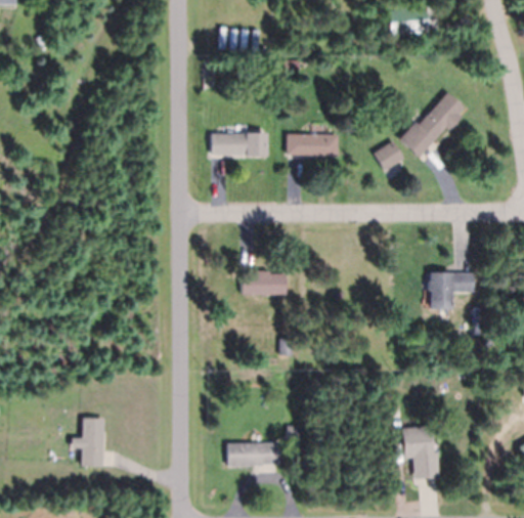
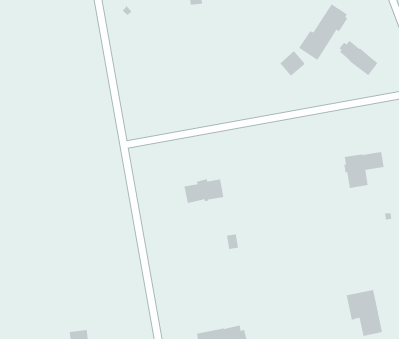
building: [211,133,267,157] -> none
building: [287,134,338,156] -> none
building: none -> [338,40,378,76]

